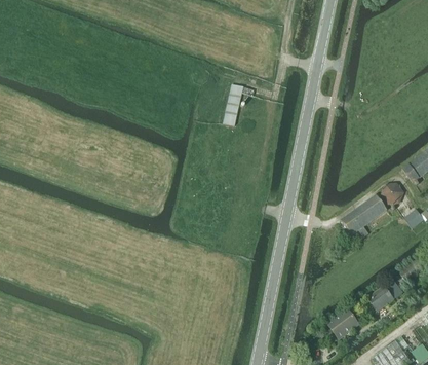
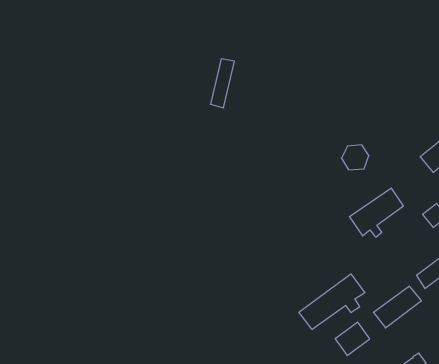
building: [381,182,404,204] -> [341,145,369,170]
building: none -> [299,274,365,329]

